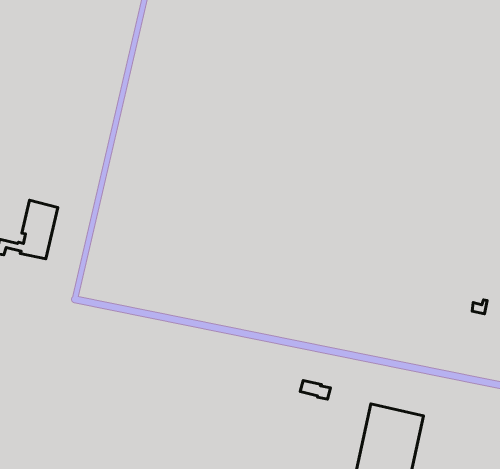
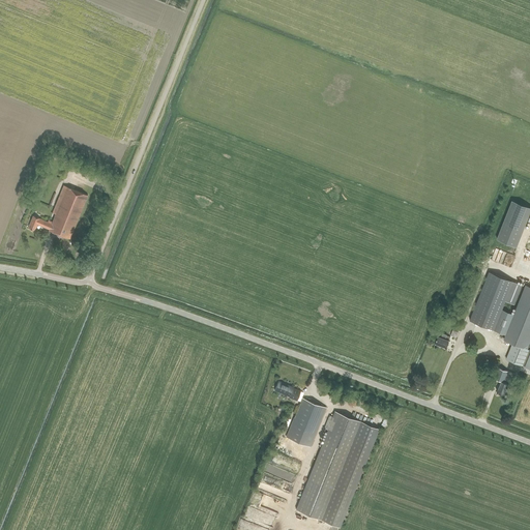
building: none -> [286,400,325,447]

